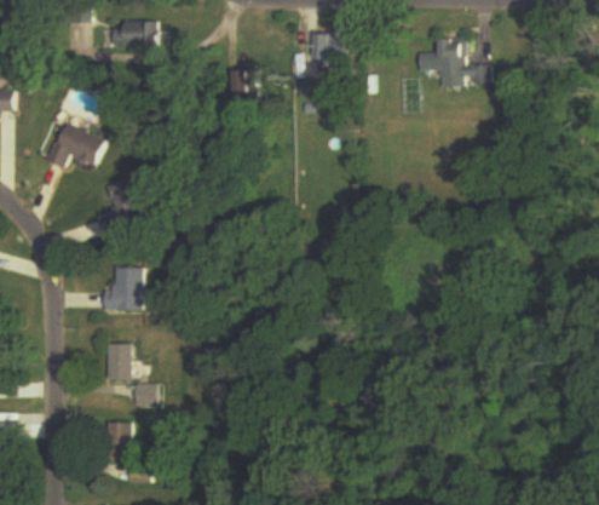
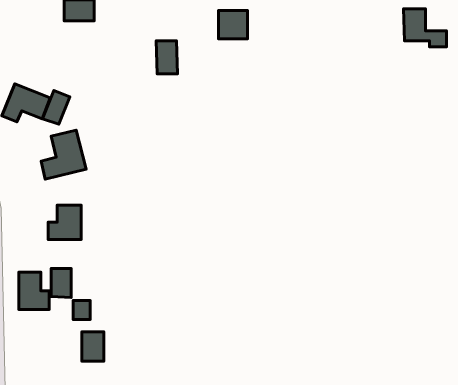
building: [437,36,489,82] -> [403,9,447,47]
building: none -> [43,90,70,124]
building: none -> [19,272,49,310]
building: [104,421,131,457] -> [82,332,104,361]

